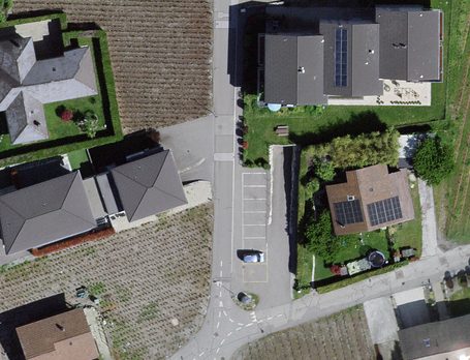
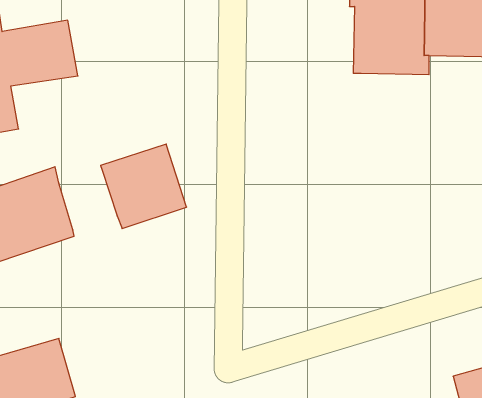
building: [260,36,327,106] -> none
building: [330,162,415,234] -> none
building: [81,170,128,219] -> none

